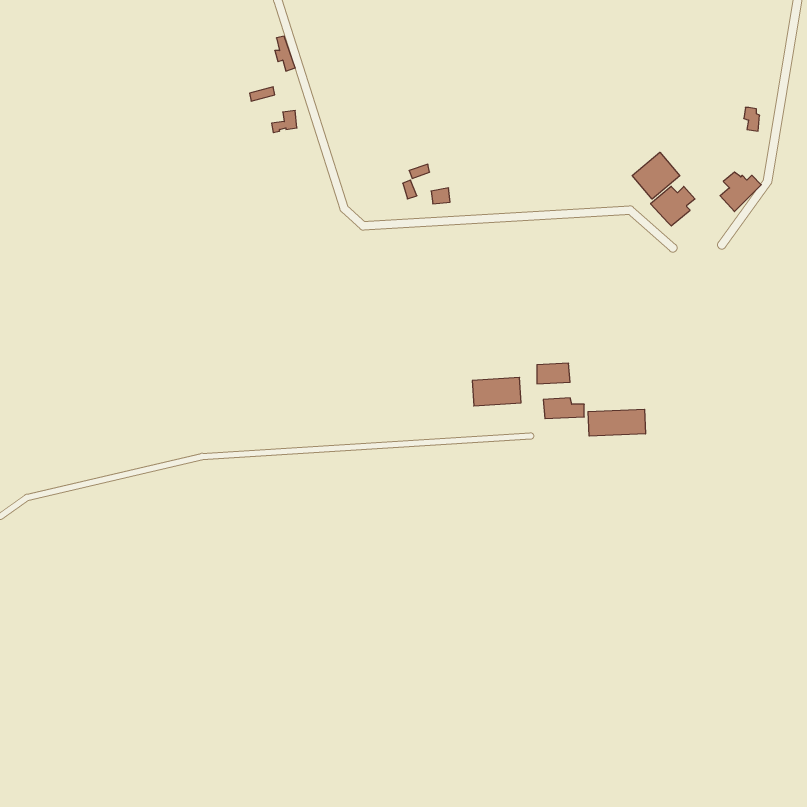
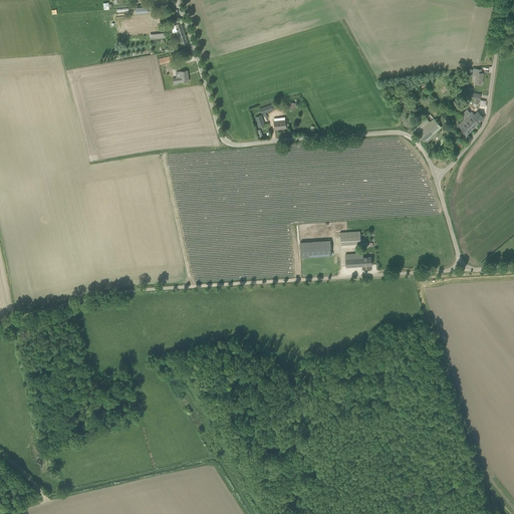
building: [632,152,680,199] -> none
building: [588,409,645,436] -> none

